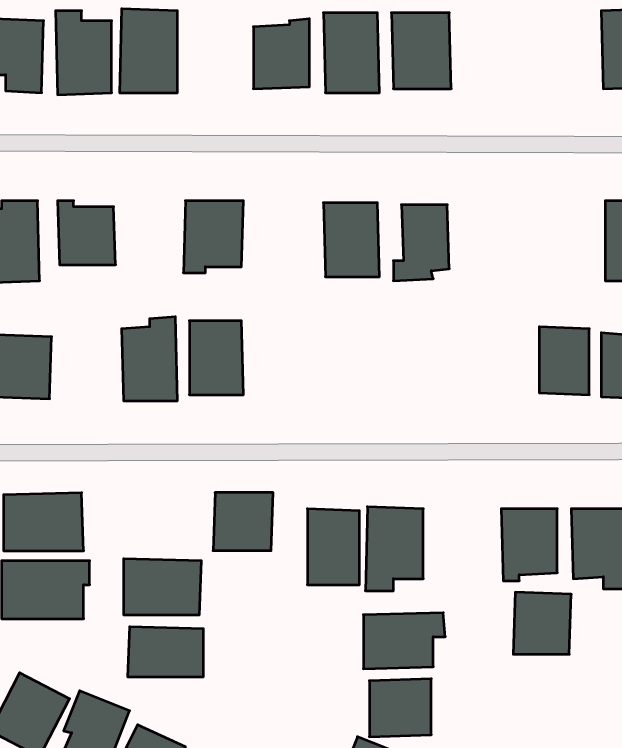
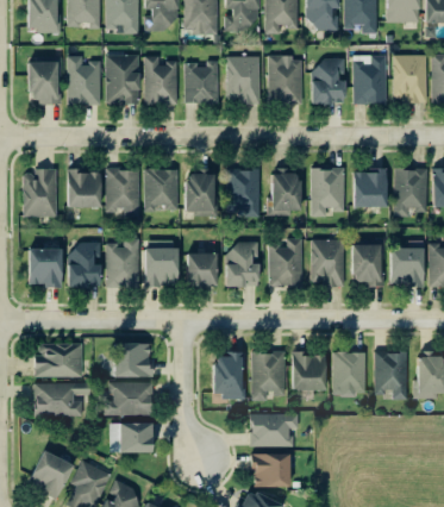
building: none -> [351,55,386,104]
building: none -> [143,56,176,105]
building: none -> [311,58,345,105]
building: none -> [308,168,343,217]
building: none -> [105,169,138,218]
building: none -> [354,170,387,207]
building: none -> [186,171,217,215]
building: none -> [267,238,301,287]
building: none -> [308,239,343,284]
building: none -> [68,242,101,287]
building: none -> [225,242,259,287]
building: none -> [187,253,218,286]
building: [213,493,273,551] -> [115,343,151,377]
building: [513,592,571,654] -> [292,353,326,390]

